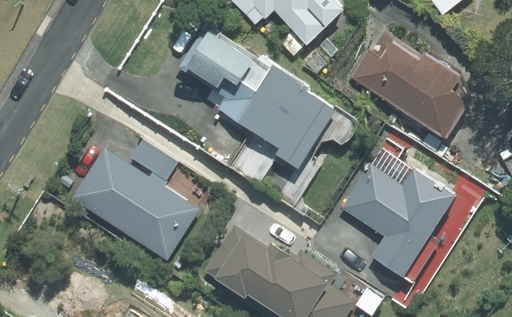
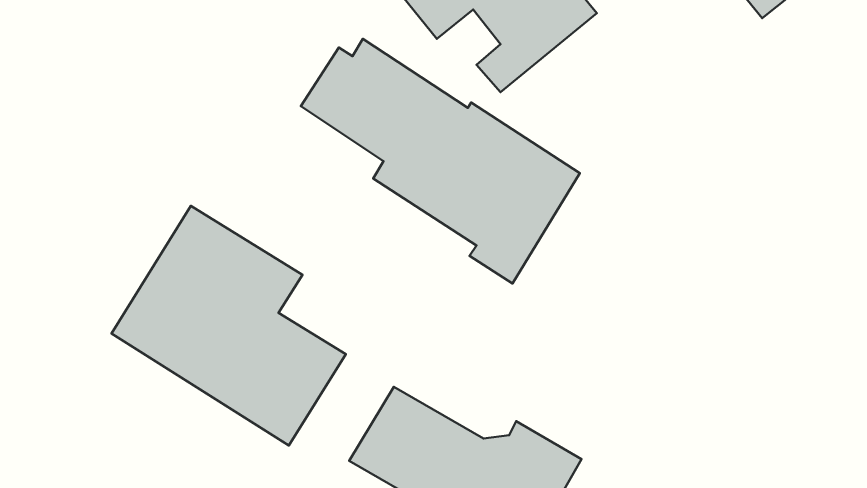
building: [346,34,473,138] -> none
building: [341,162,456,276] -> none

